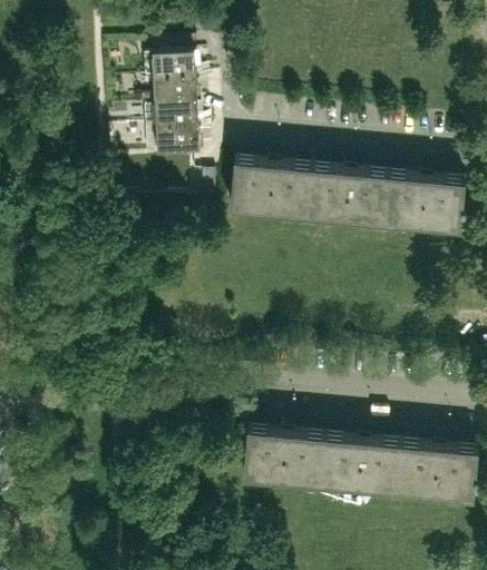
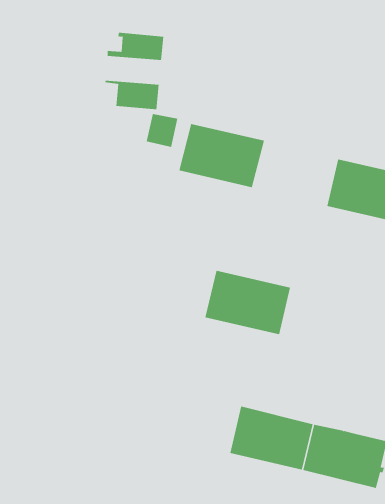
building: [143,53,195,79] -> none
building: [140,101,197,129] -> none
building: [305,167,387,224] -> none
building: [242,430,324,485] -> [205,270,291,335]

